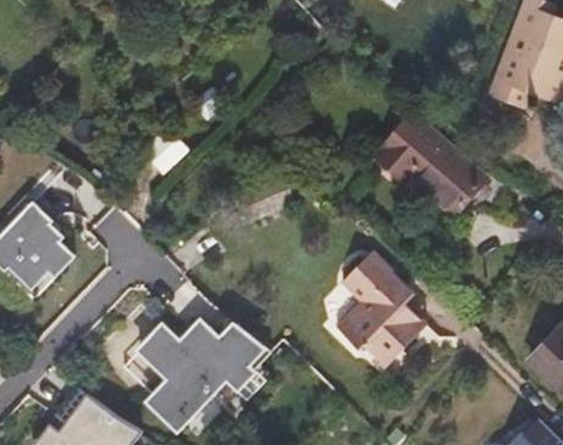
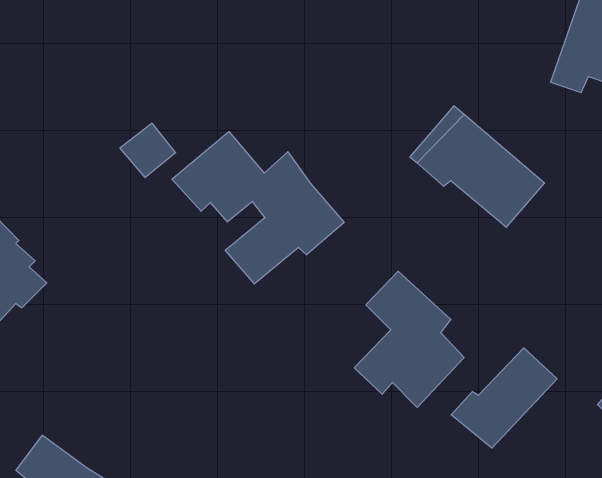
building: none -> [172,132,344,284]
building: [137,313,261,416] -> none
building: none -> [451,348,557,448]

